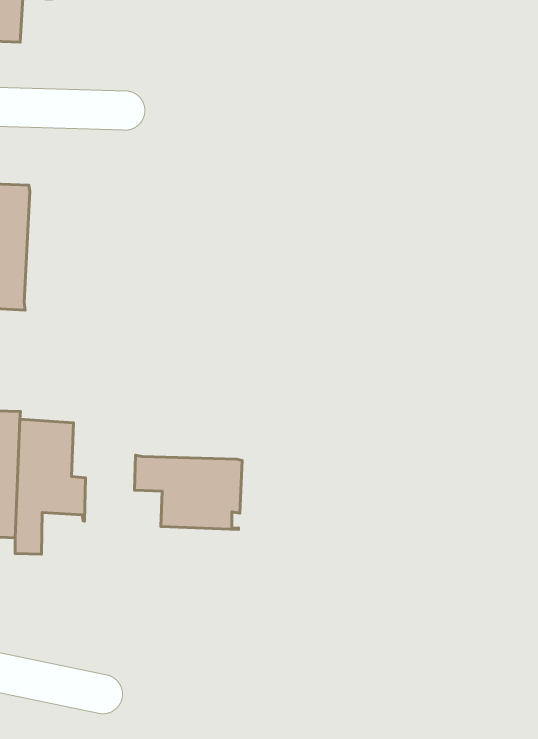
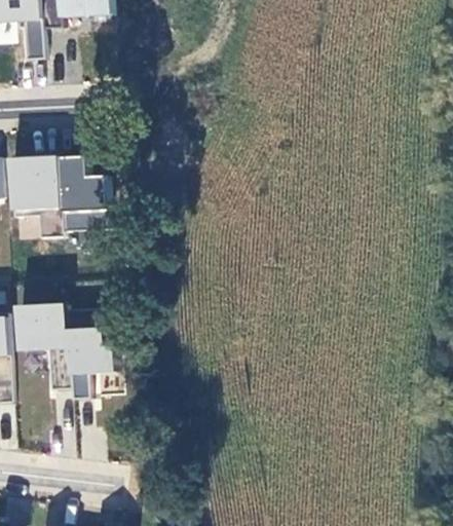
building: none -> [58,153,108,232]
building: [134,455,242,529] -> none

